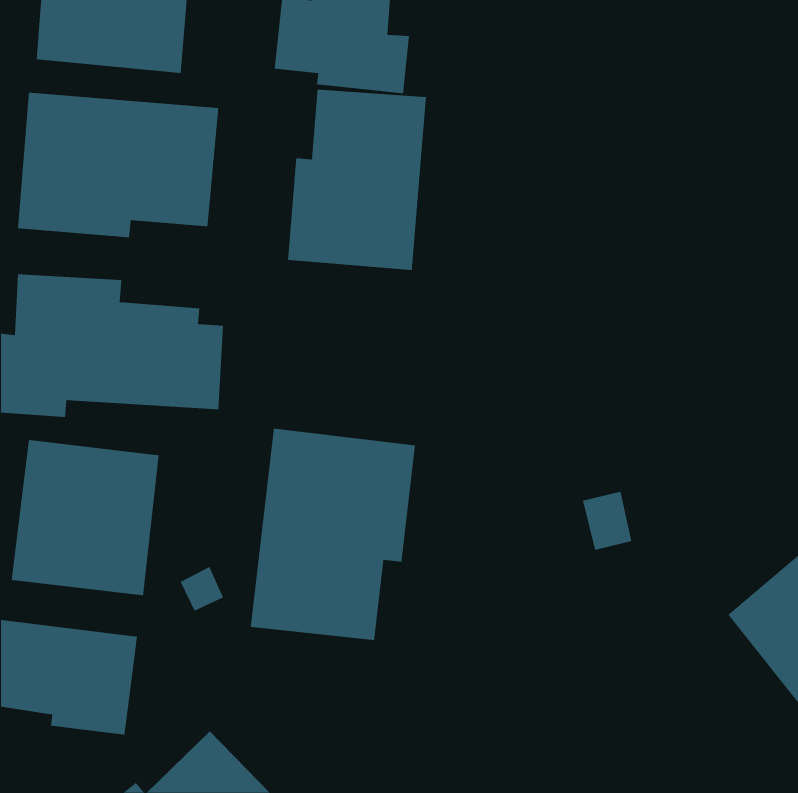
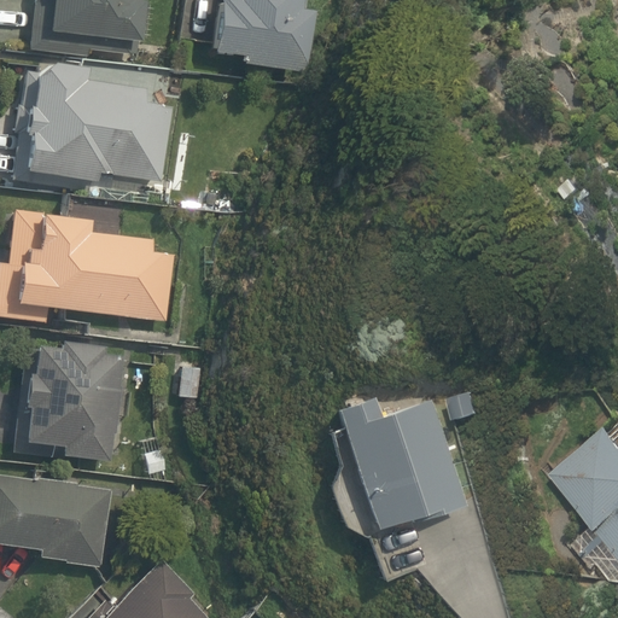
building: [287,89,426,271] -> none
building: [250,428,416,641] -> none
building: none -> [333,386,464,576]

